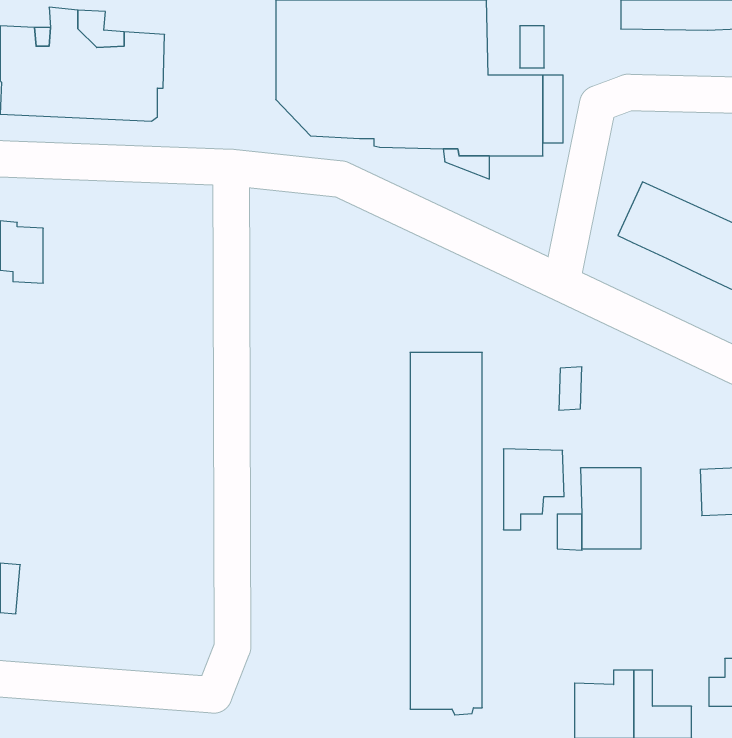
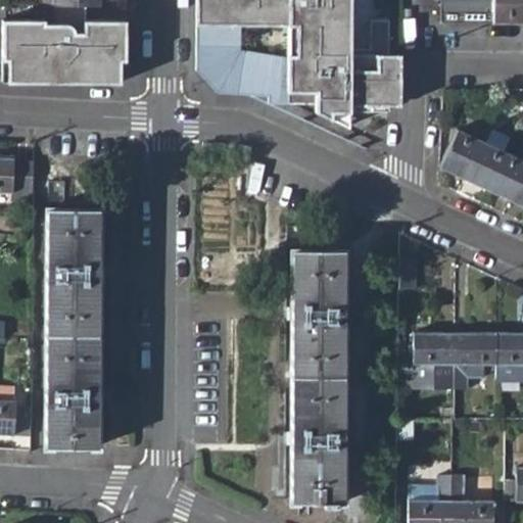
building: none -> [48,208,101,445]
building: [503,449,564,530] -> [458,331,501,388]

